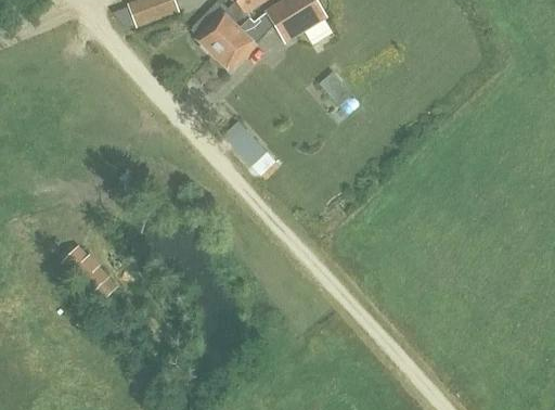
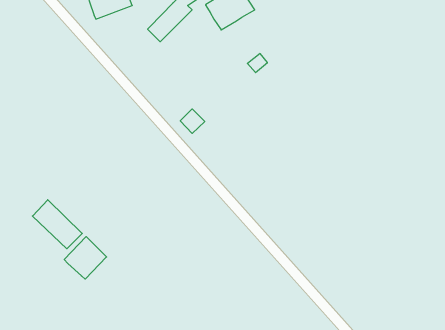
building: [212,11,272,71] -> none
building: none -> [64,237,107,279]

